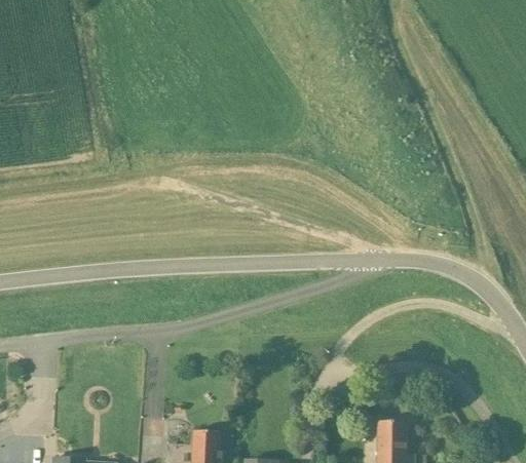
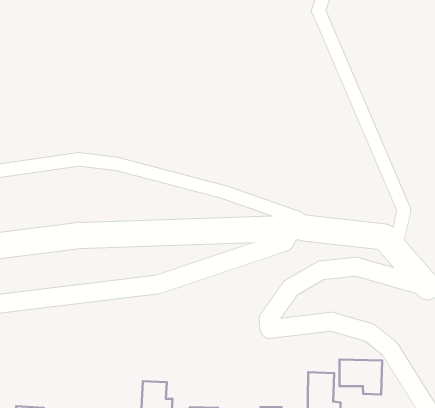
building: none -> [340,360,382,394]

